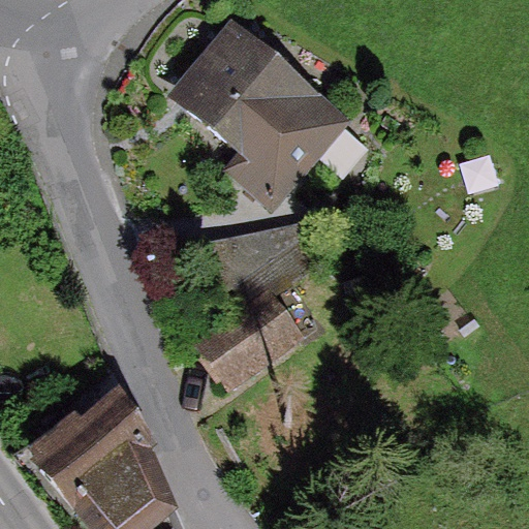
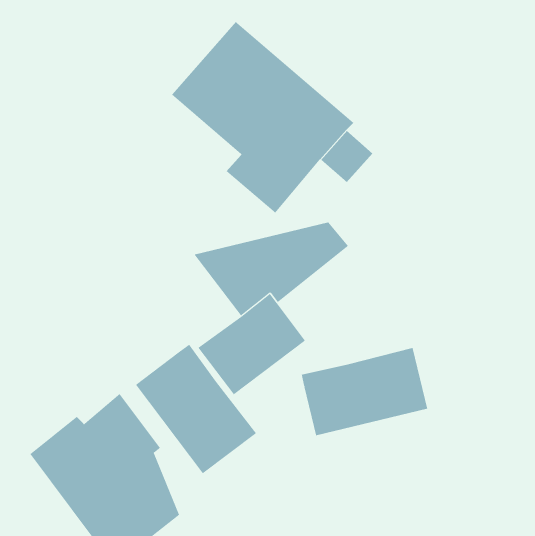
building: none -> [135,344,257,474]
building: none -> [301,347,428,436]

